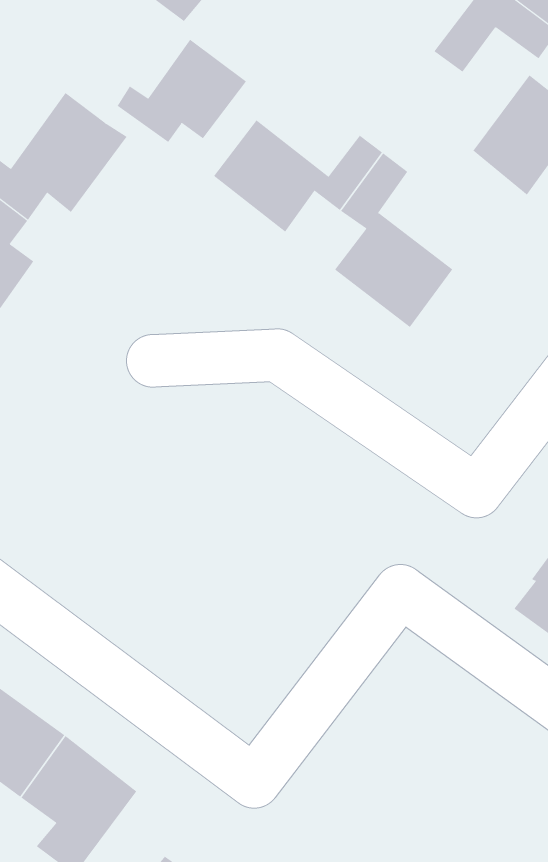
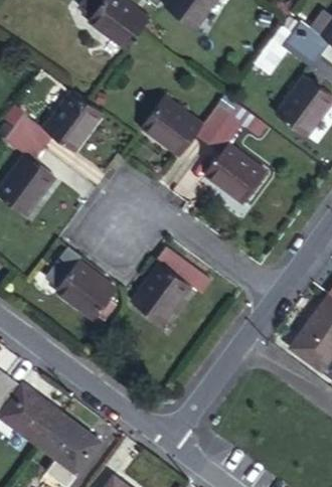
building: [117,39,247,143] -> none
building: none -> [47,245,121,320]
building: none -> [134,246,211,321]

